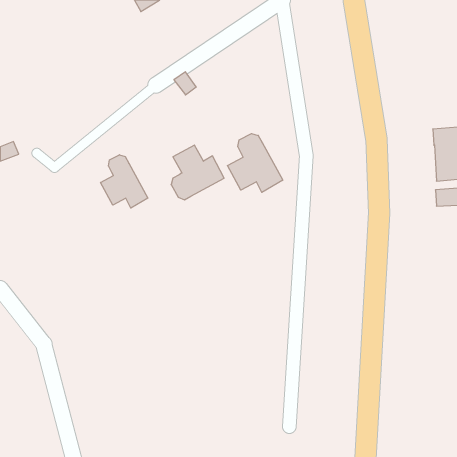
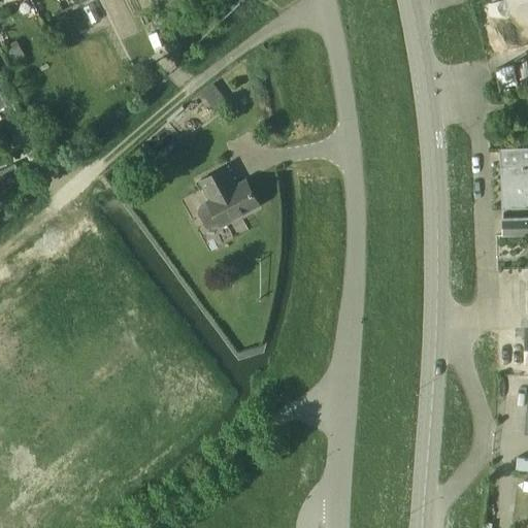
building: [227,134,283,192] -> none
building: [101,155,148,208] -> none

